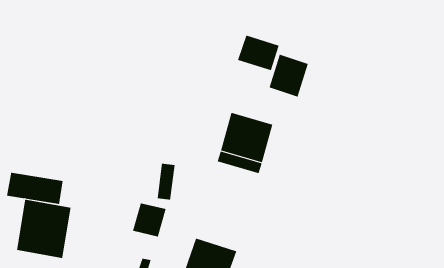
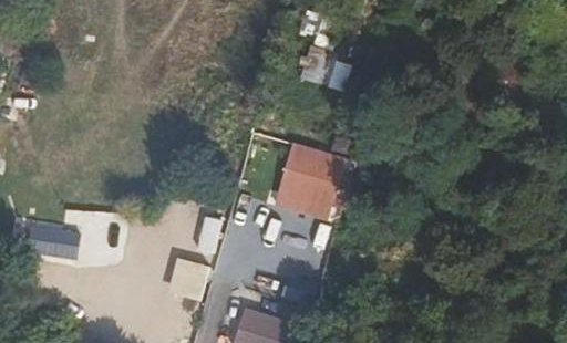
building: [269,54,308,98] -> none
building: [16,199,71,259] -> none

